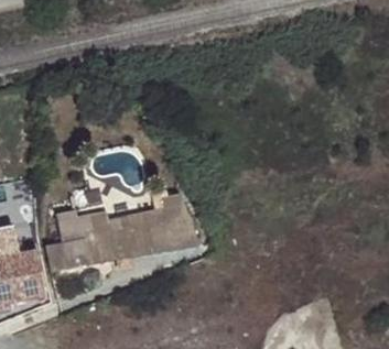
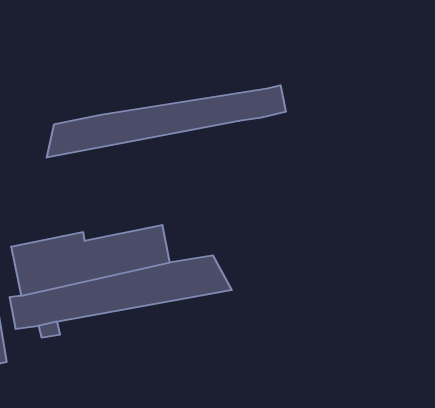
building: none -> [47,85,286,158]

